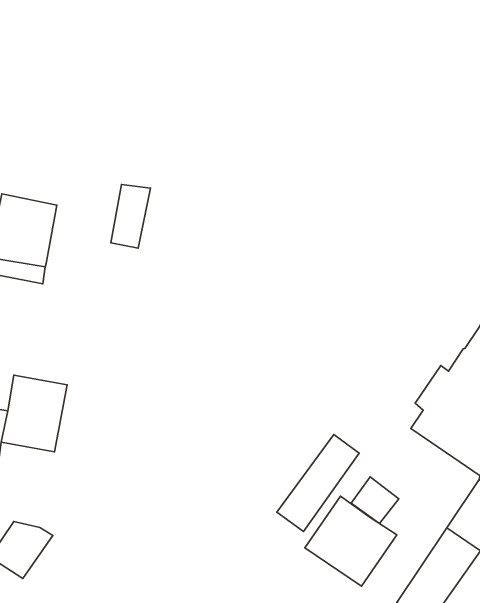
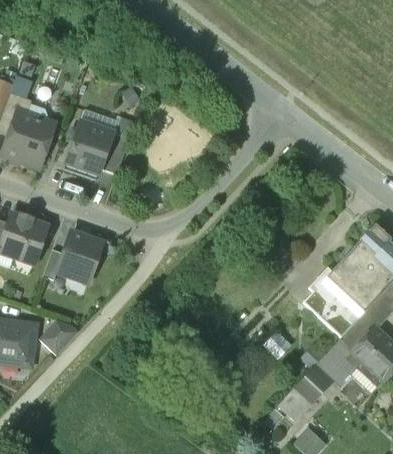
building: [111,184,150,248] -> [101,133,130,173]
building: [277,435,359,532] -> none
building: [305,496,397,586] -> none

